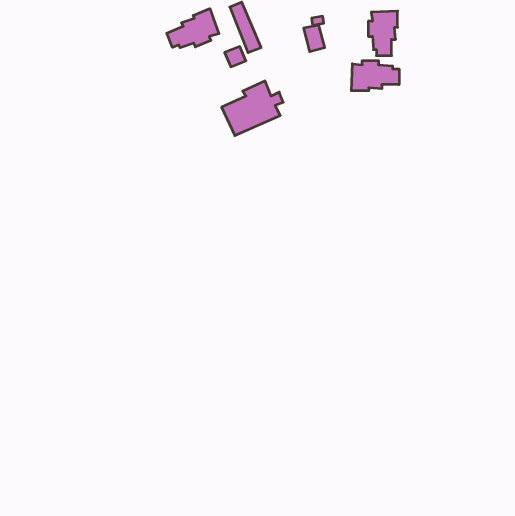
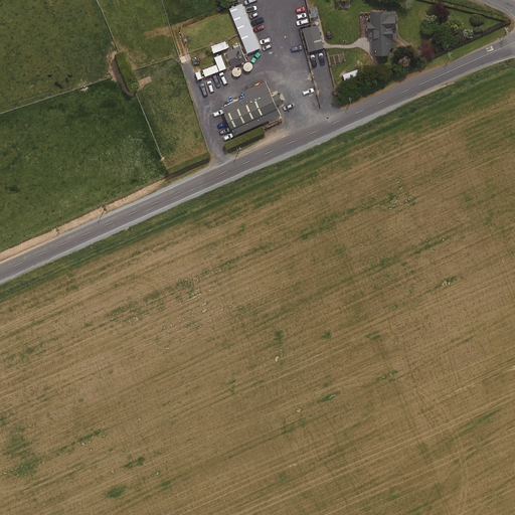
building: [167,9,219,48] -> none
building: [351,61,399,91] -> none

